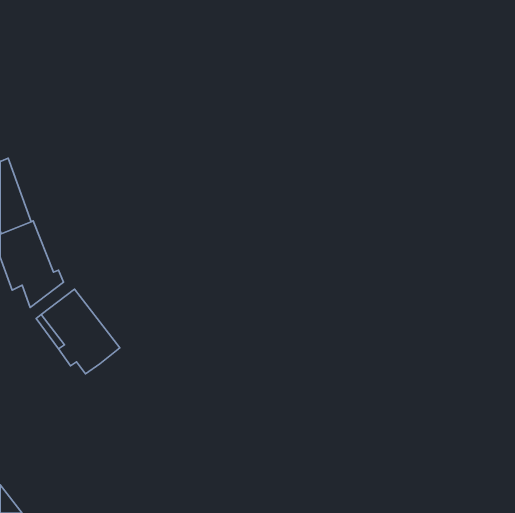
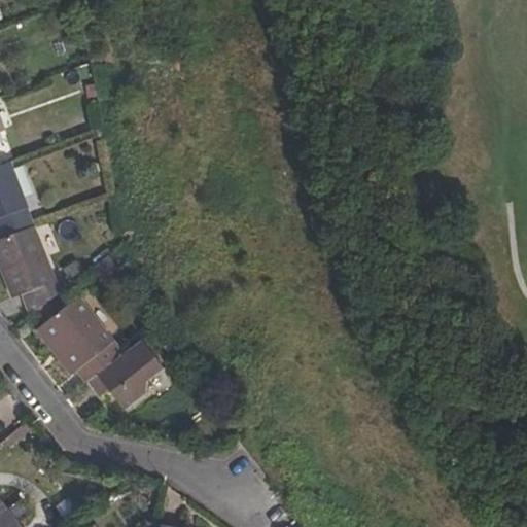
building: none -> [87,341,163,408]

